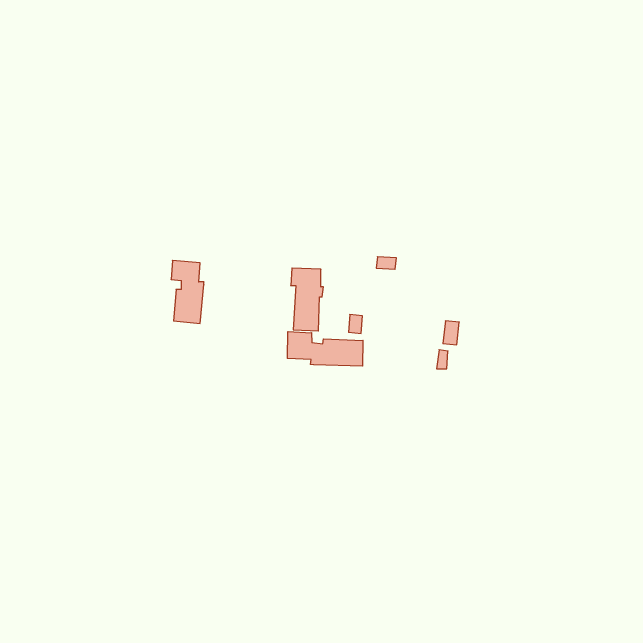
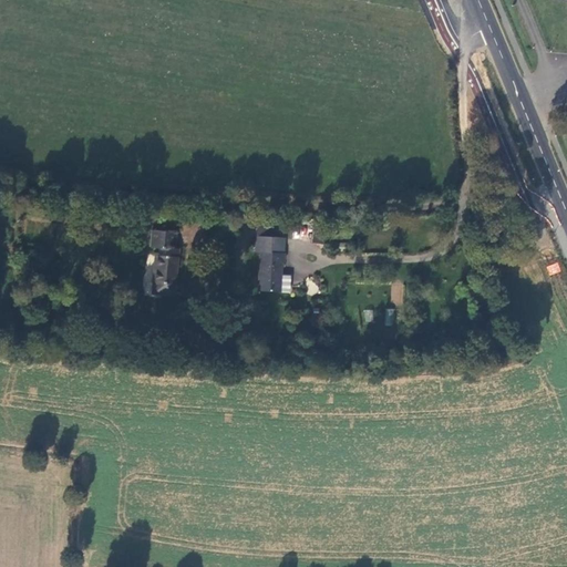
building: [287,332,363,366] -> none

